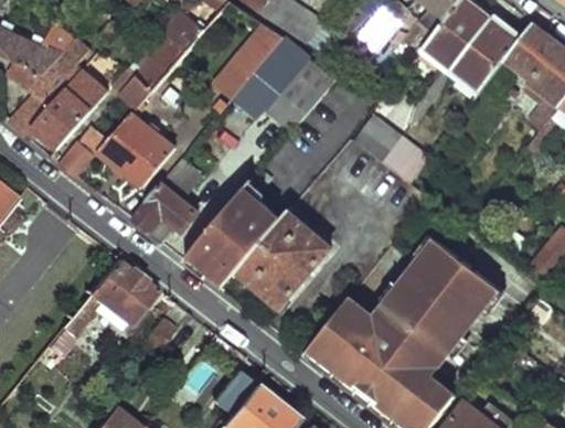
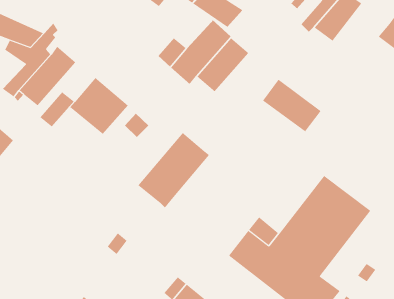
building: [118,15,210,108] -> none
building: [459,22,521,90] -> none
building: [235,23,285,73] -> none
building: [128,183,196,243] -> none
building: [236,211,329,307] -> none
building: [65,257,160,333] -> none

